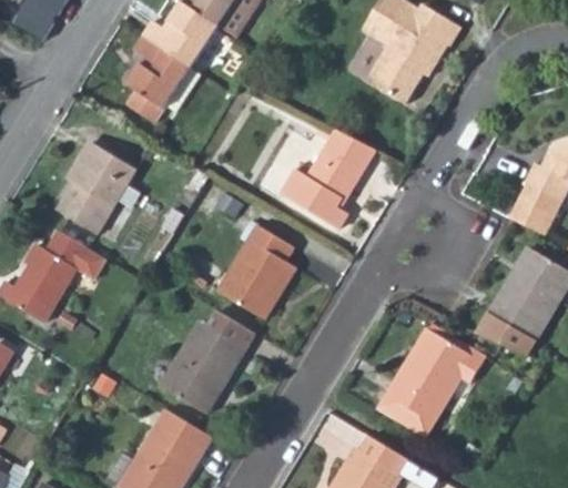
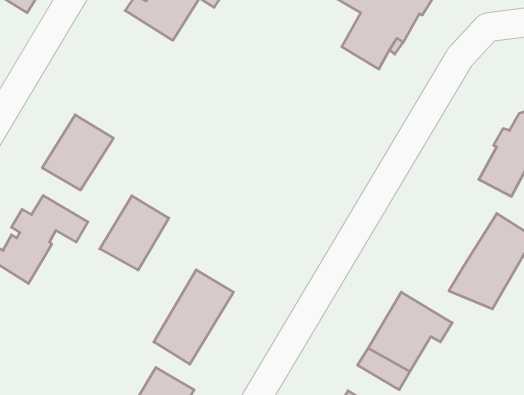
building: [126,39,202,125] -> none
building: [285,129,383,233] -> none
building: [226,234,298,312] -> [100,196,169,270]

